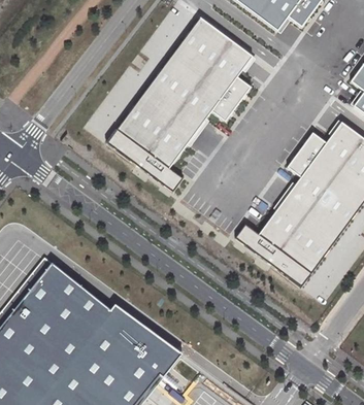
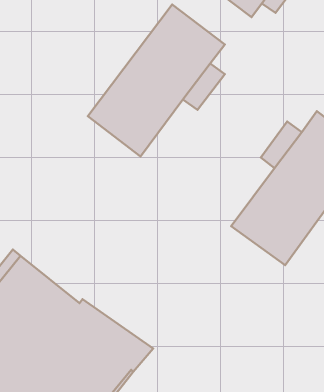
building: [108,127,184,190] -> none
building: [236,225,311,285] -> none

